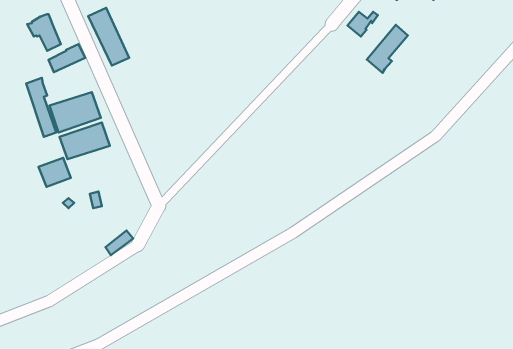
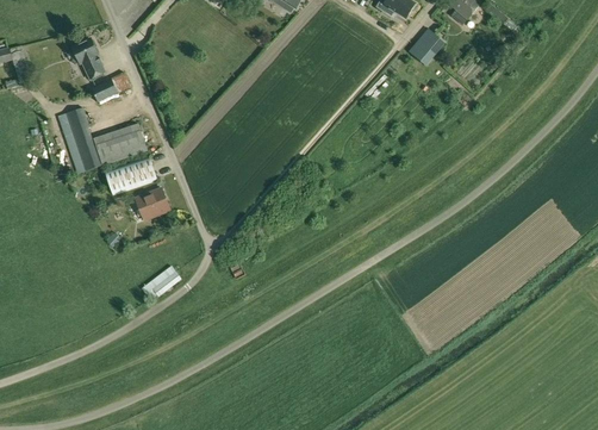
building: [88,8,129,65] -> none
building: [367,25,408,73] -> none
building: [39,158,71,187] -> [135,188,169,219]

